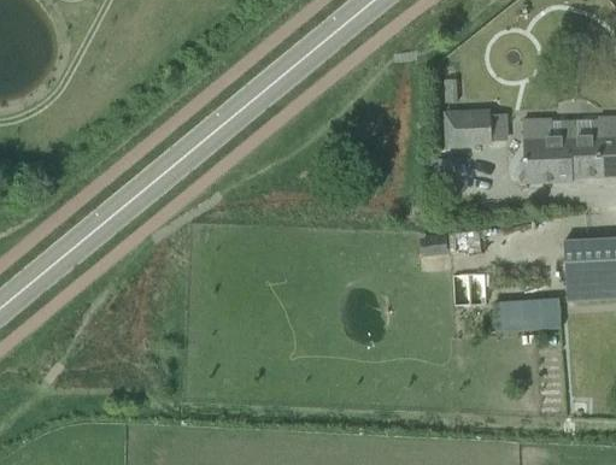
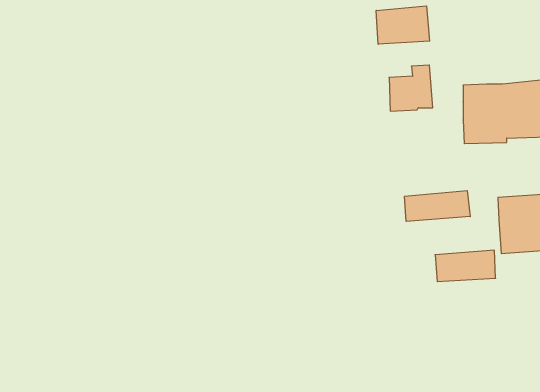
building: none -> [376,6,430,44]
building: none -> [405,191,470,221]

